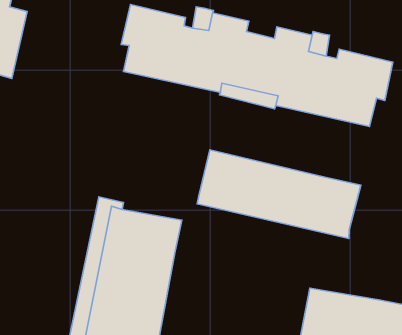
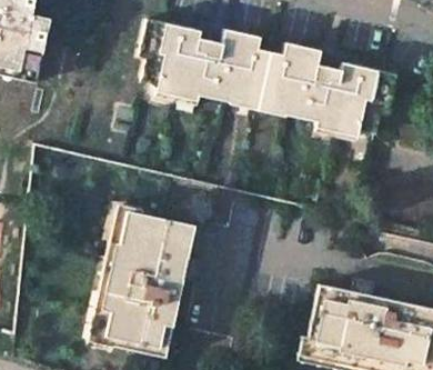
building: [197,150,361,238] -> none

